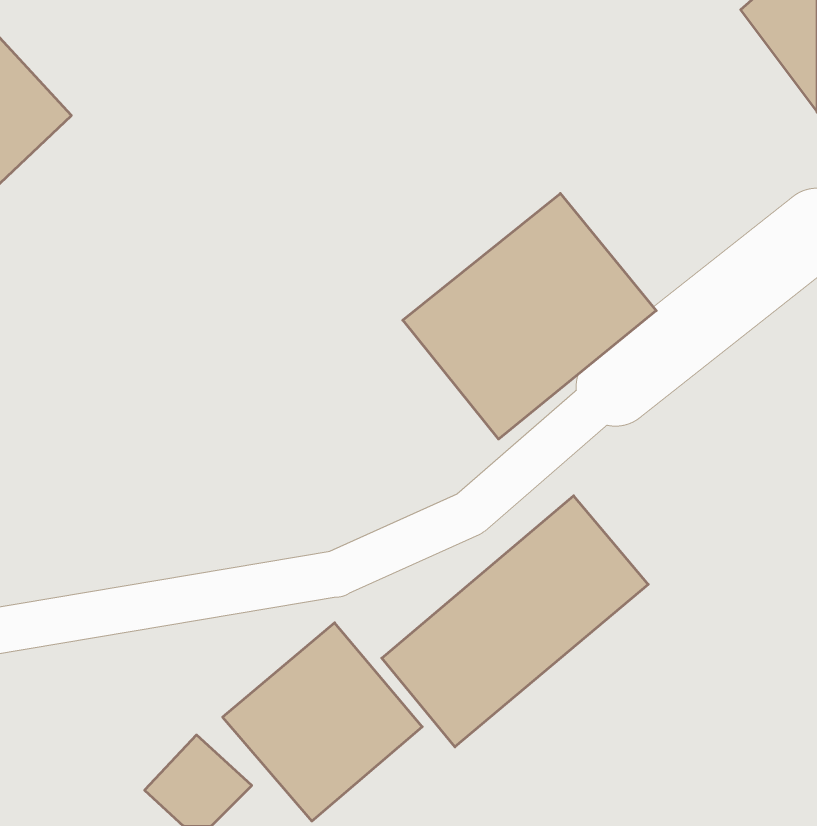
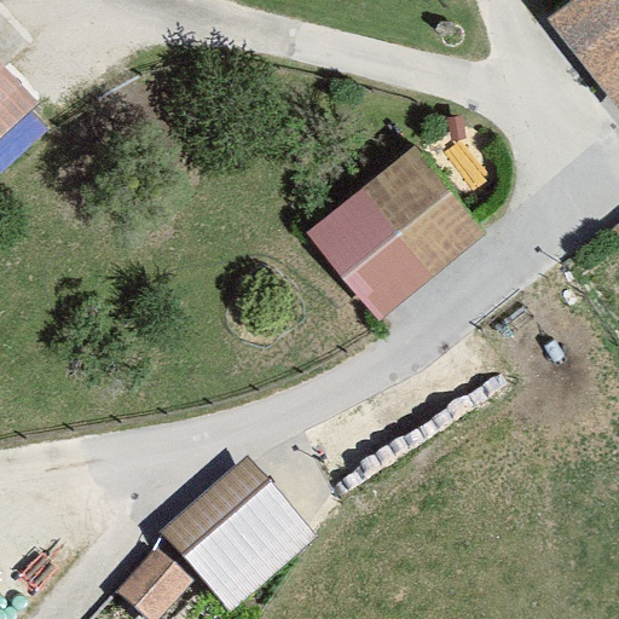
building: [382,496,648,747] -> none

